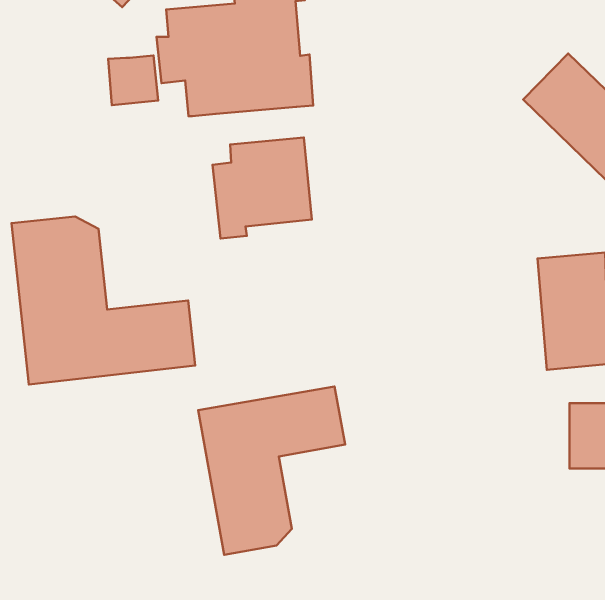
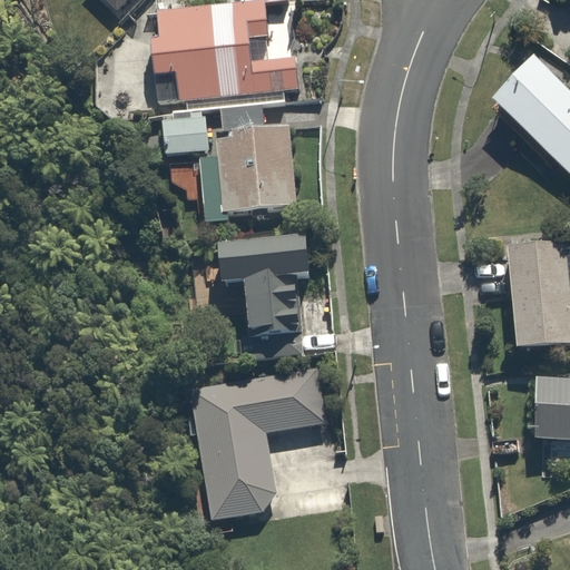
building: [108,55,158,105] -> [161,107,208,154]
building: [11,216,195,384] -> none
building: none -> [216,235,313,337]

